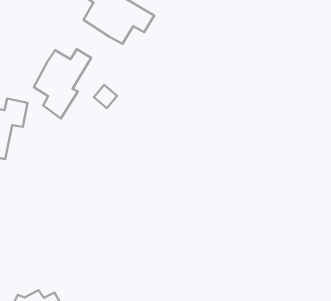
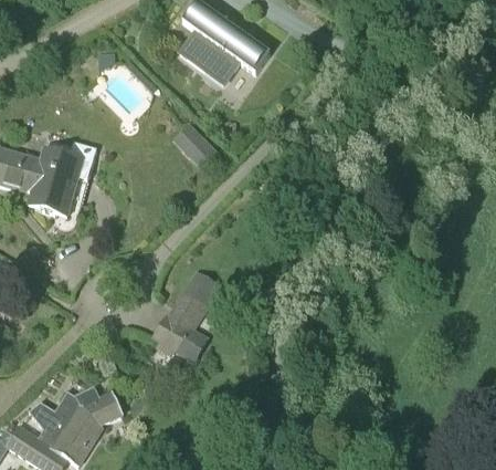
building: [34,49,91,118] -> none
building: none -> [154,268,221,362]

